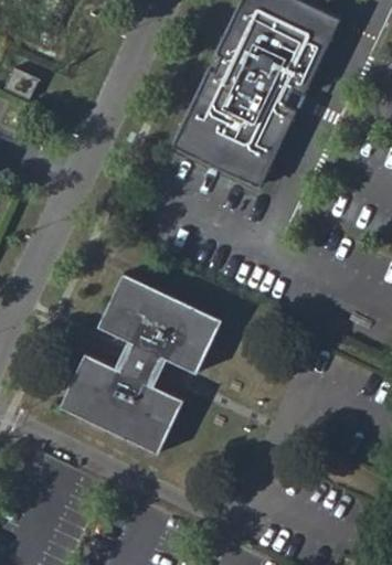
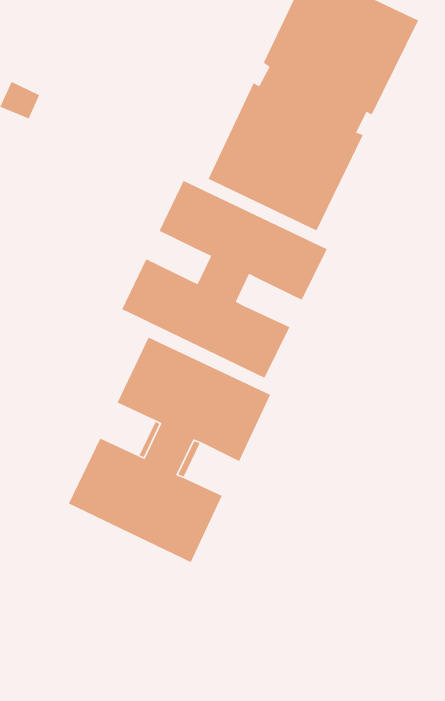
building: none -> [121,180,328,379]

